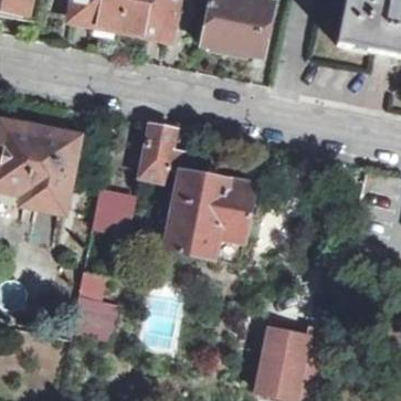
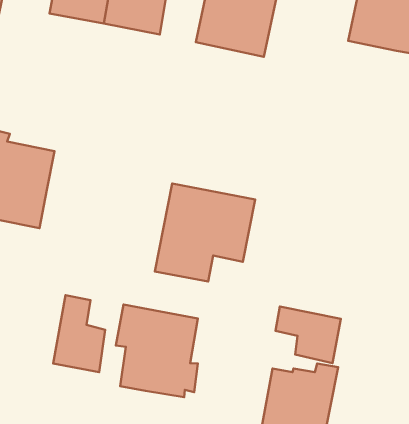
building: [140,124,183,180] -> none
building: [92,191,136,234] -> none
building: none -> [116,305,198,397]
building: none -> [275,307,341,363]

